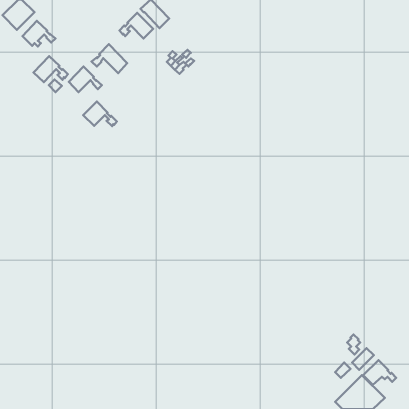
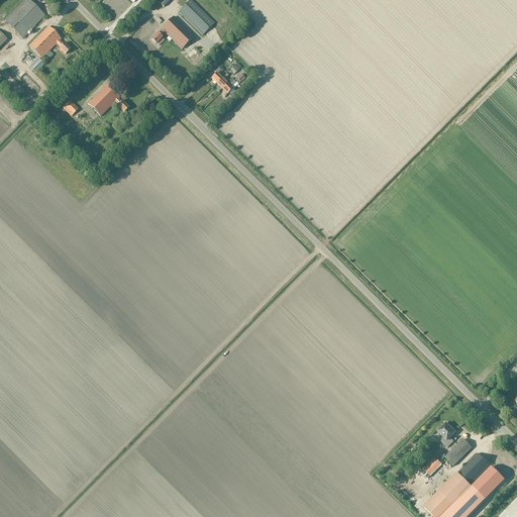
building: [92,44,127,73] -> none
building: [34,56,68,82] -> none
building: [83,101,117,126] -> none

